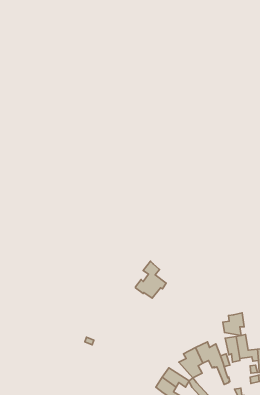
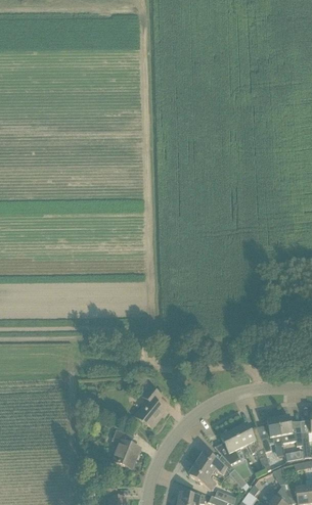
building: [136,261,166,298] -> [134,385,168,426]
building: [223,313,244,335] -> none
building: none -> [112,428,140,467]

